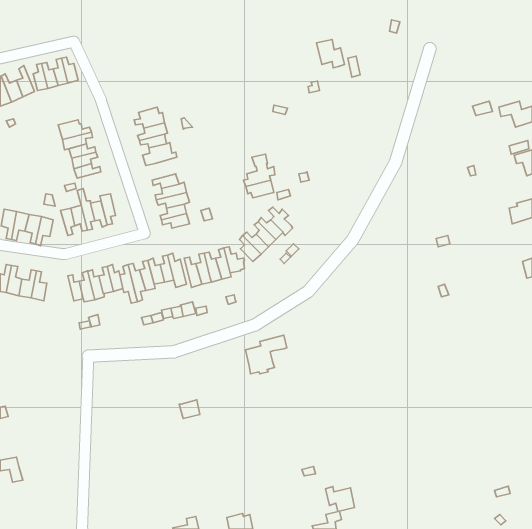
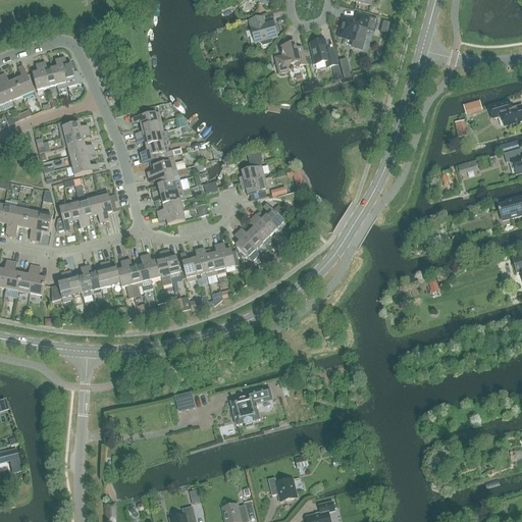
building: none -> [338,12,378,48]
building: none -> [250,15,277,43]
building: none -> [276,42,306,71]
building: none -> [147,154,177,176]
building: none -> [52,270,73,301]
building: [245,335,287,374] -> [231,386,272,424]
building: [325,487,355,512] -> [268,476,297,501]

